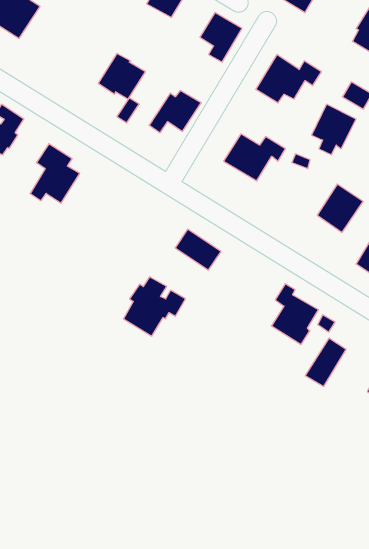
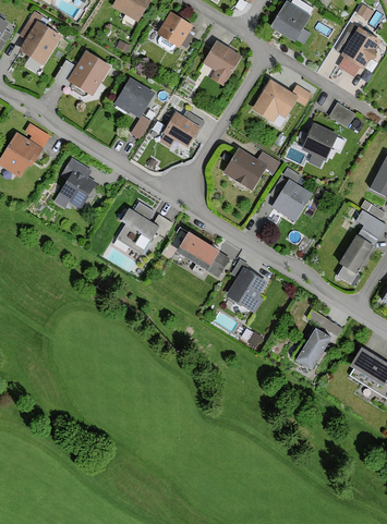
building: none -> [55,51,110,95]
building: [317,184,363,232] -> [271,179,312,221]
building: [123,277,185,336] -> [116,202,170,254]
building: [271,284,319,344] -> [226,258,267,312]

